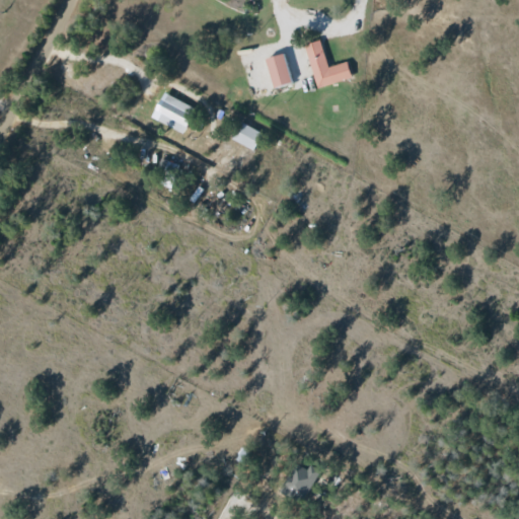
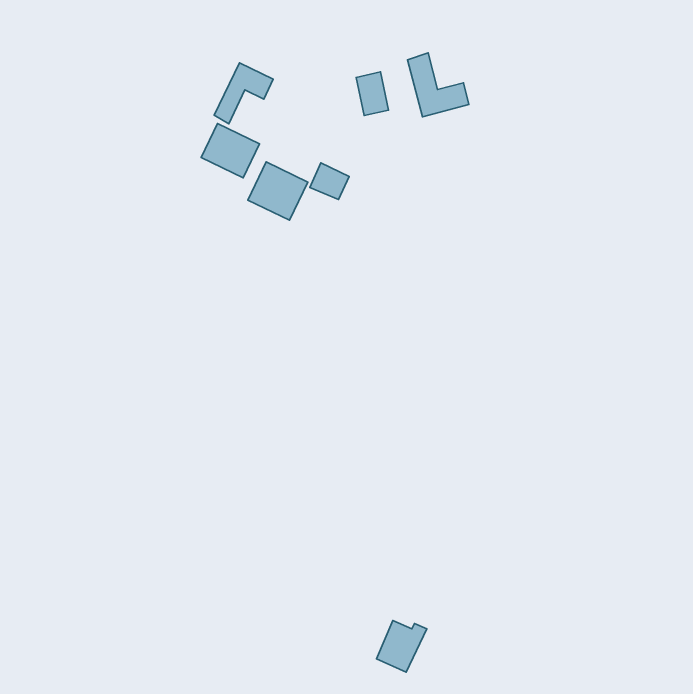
building: none -> [214,63,273,124]
building: none -> [248,162,308,220]

